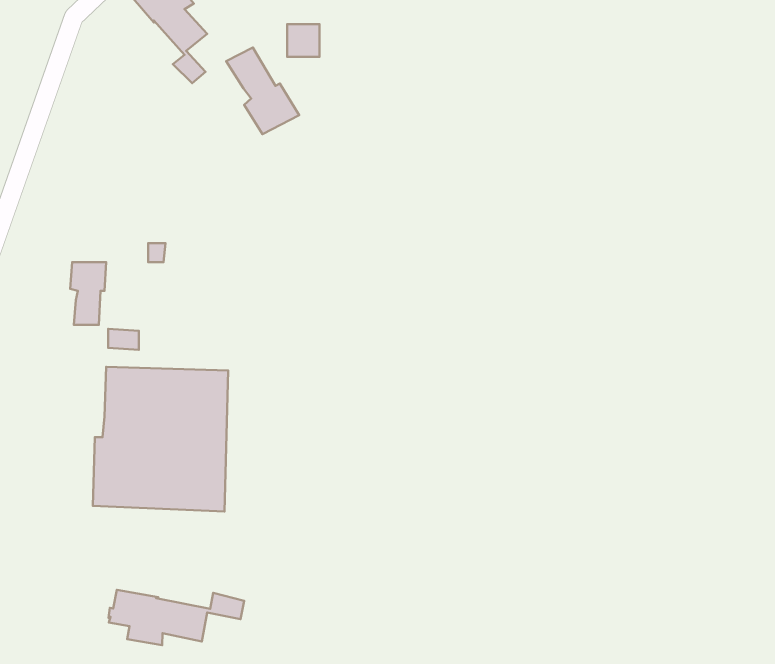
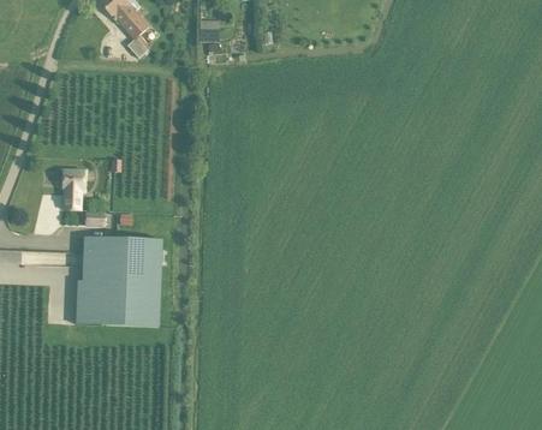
building: [226,47,299,134] -> none
building: [108,590,244,645] -> none

